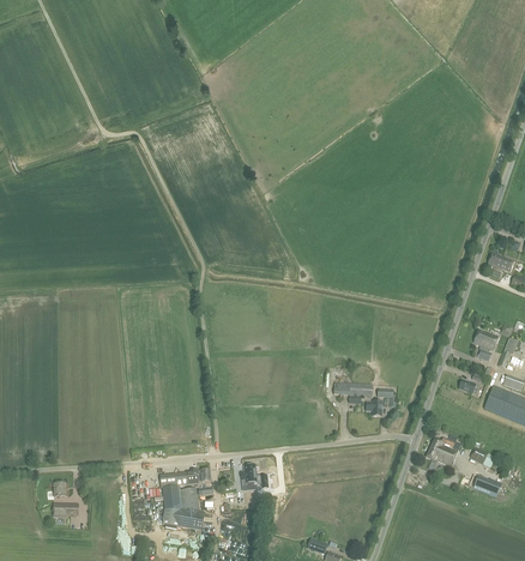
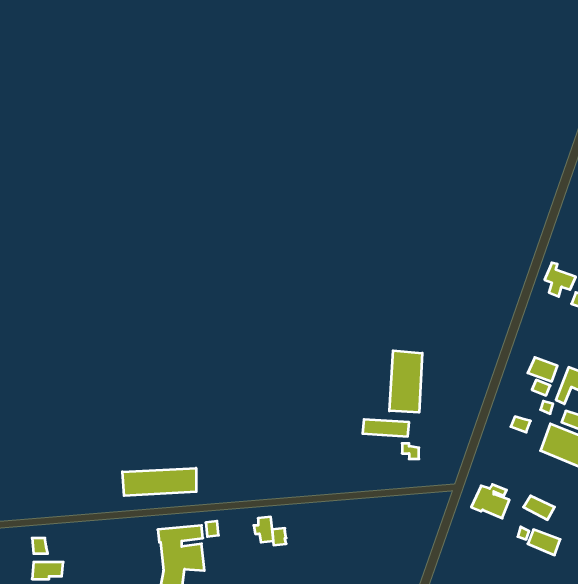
building: none -> [389,351,422,412]
building: none -> [122,468,196,496]

